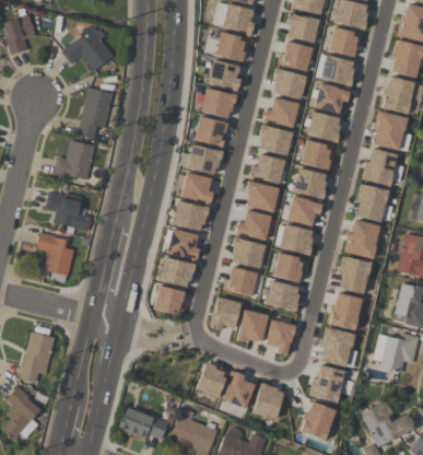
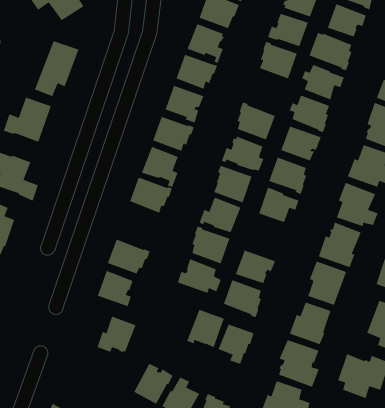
building: [263,97,298,128] -> none
building: [275,224,313,256] -> none
building: [167,229,200,261] -> none
building: [209,298,242,330] -> [96,316,136,353]

